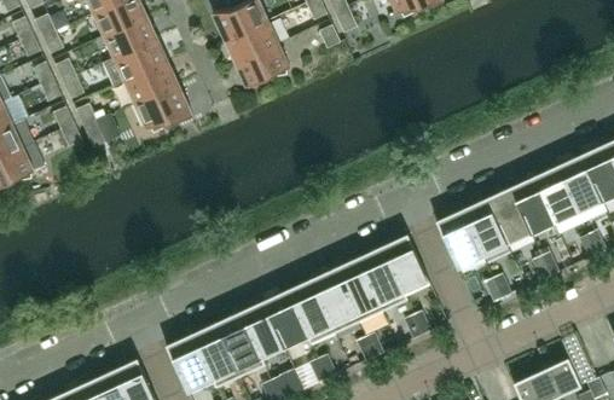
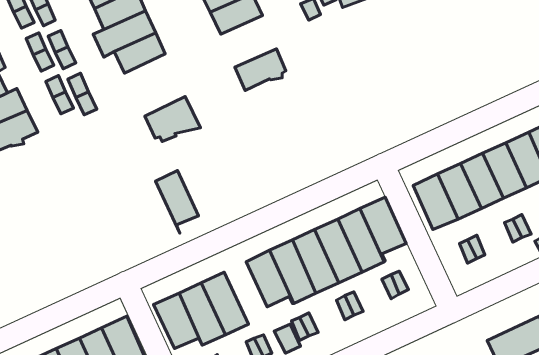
building: [236,44,289,87] -> [235,49,286,90]
building: [135,83,193,131] -> [145,97,200,142]
building: [239,301,284,366] -> [156,171,198,233]

